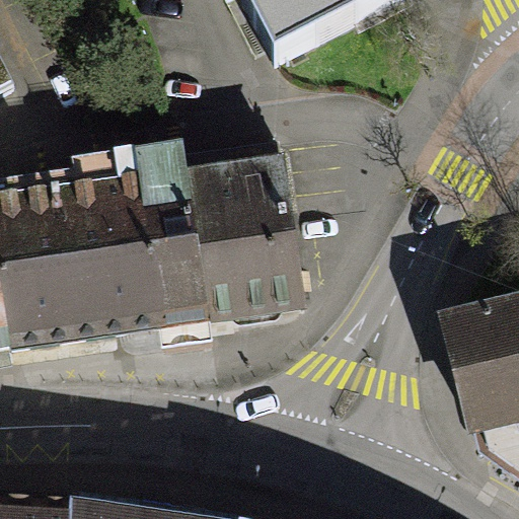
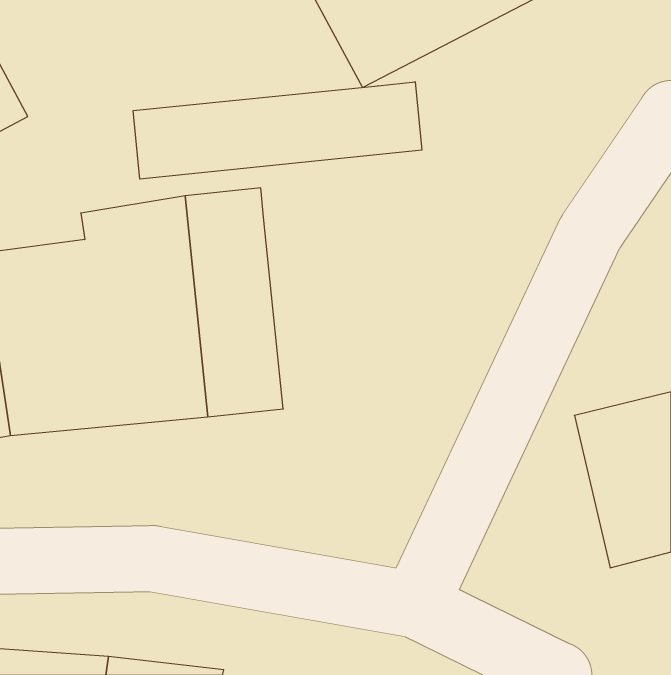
building: none -> [133,82,422,179]
building: [202,157,299,313] -> none

